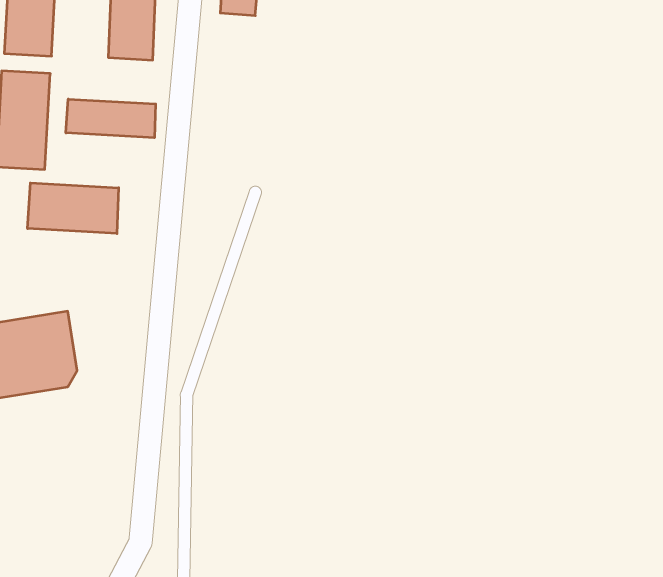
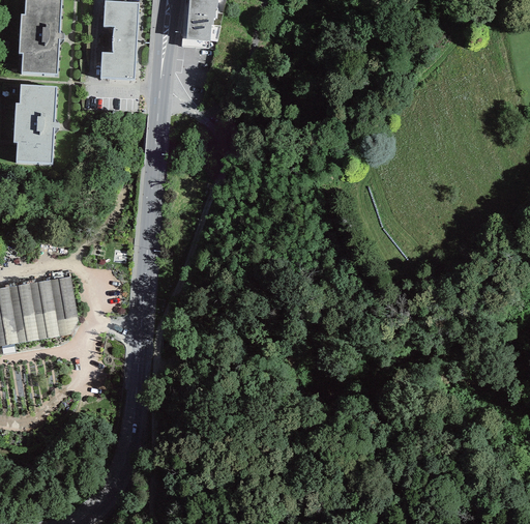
building: [66,99,156,138] -> none
building: [28,183,119,234] -> none

